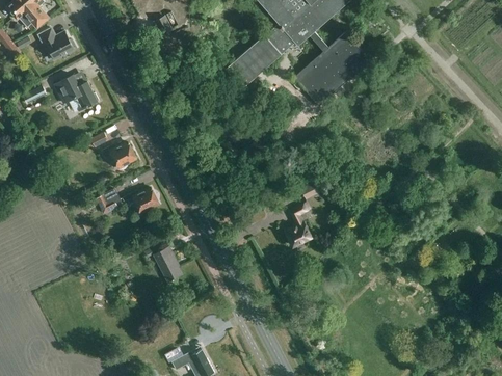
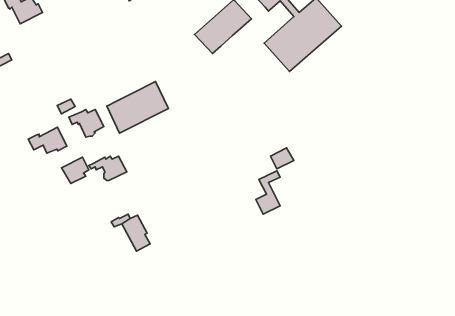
building: [54,74,98,108] -> none
building: none -> [107,82,168,133]
building: none -> [28,127,67,153]

